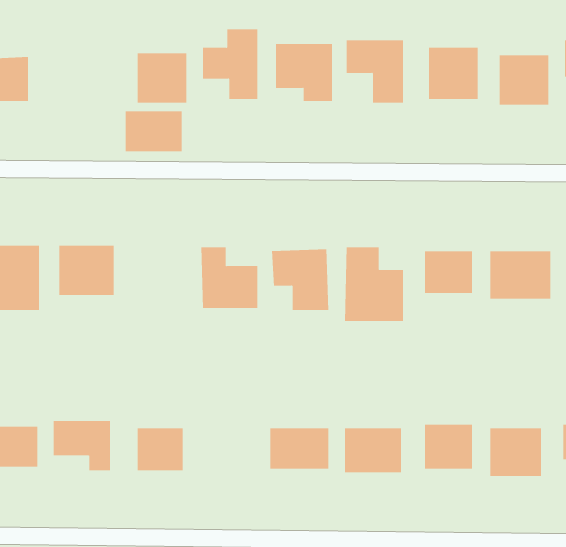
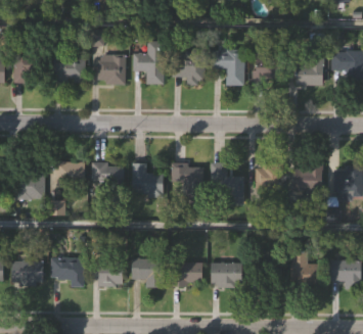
building: [125,111,183,152] -> [52,60,84,83]
building: none -> [91,163,124,186]
building: none -> [133,258,163,287]

